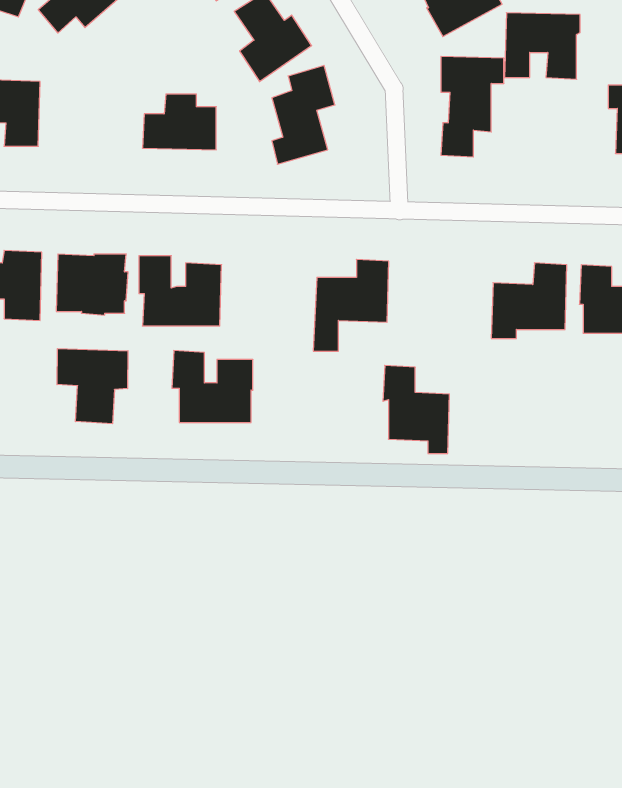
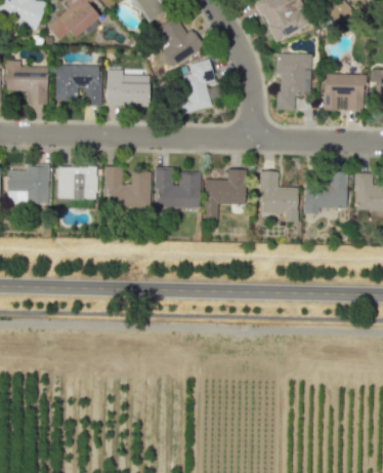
building: [505,13,580,79] -> [324,73,367,111]
building: none -> [55,64,102,105]
building: [57,349,128,424] -> none
building: [172,351,253,422] -> [155,166,201,207]
building: [383,365,449,453] -> [260,170,298,221]

